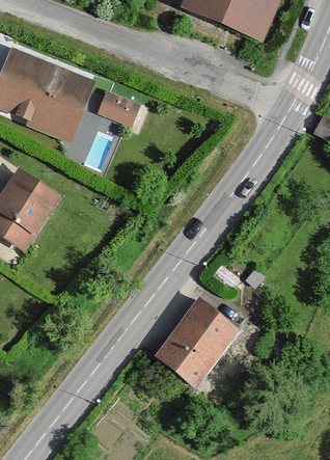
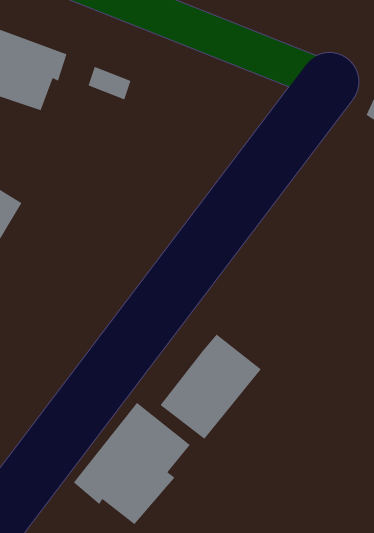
building: none -> [73,402,191,525]

